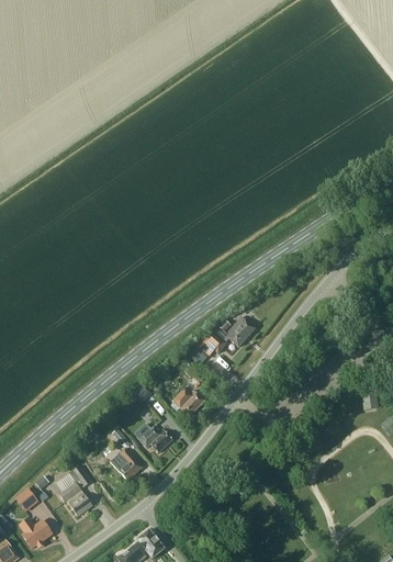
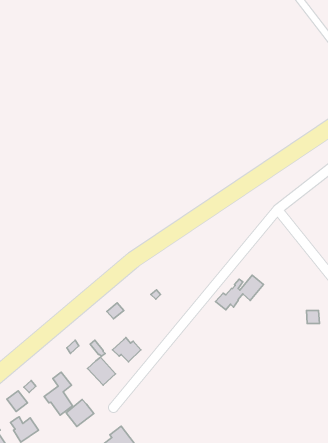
building: [198,316,254,357] -> [216,275,263,310]
building: [175,390,205,417] -> none
building: none -> [66,400,94,426]

